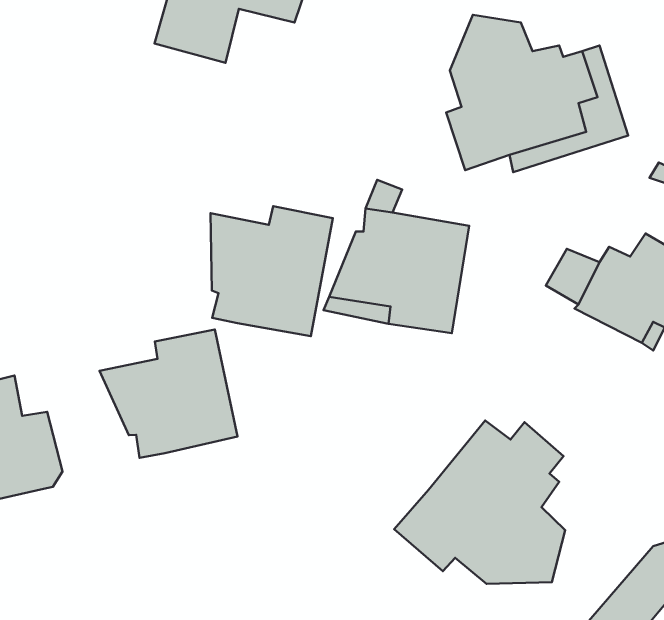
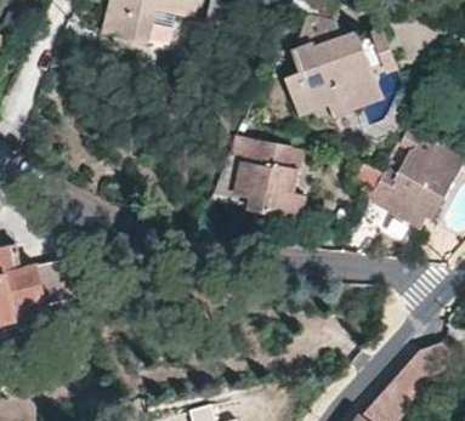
building: [211,206,333,336] -> none
building: [99,329,238,458] -> none
building: [394,420,565,584] -> none

